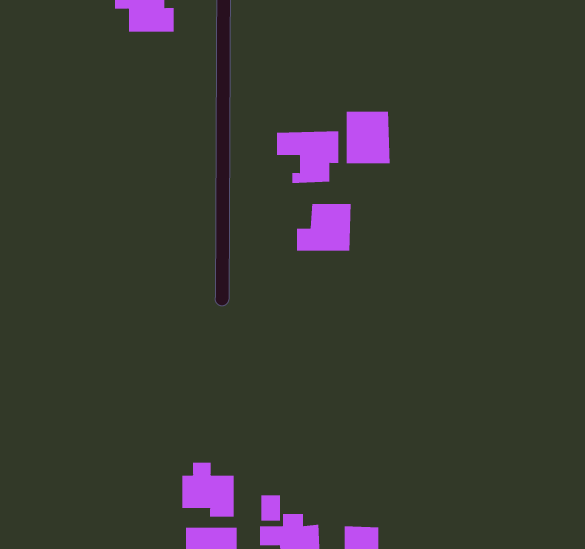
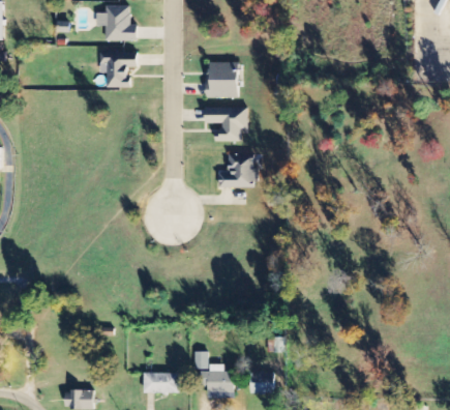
building: none -> [99,52,138,87]
building: [346,111,390,164] -> [209,62,239,97]
building: [182,462,234,517] -> none

